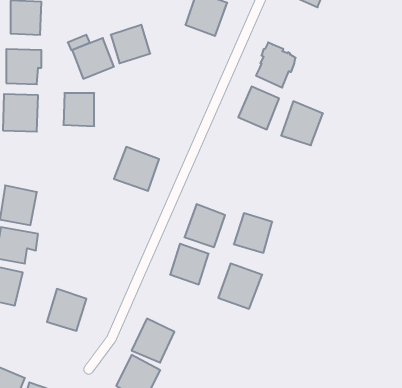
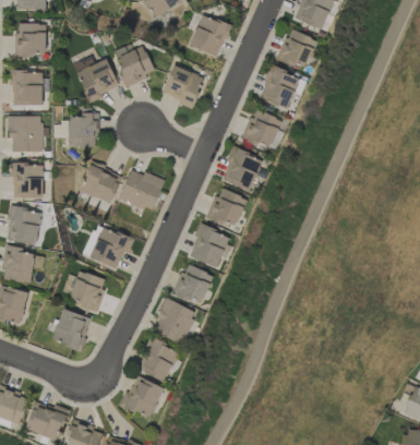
building: none -> [275,29,317,67]
building: none -> [161,65,204,107]
building: [281,101,323,145] -> [221,147,263,191]
building: none -> [12,164,44,199]
building: none -> [82,164,122,202]
building: none -> [88,227,132,270]
building: [234,213,272,253] -> [208,189,247,228]
building: none -> [69,270,108,311]
building: [218,264,262,309] -> [153,299,196,344]

